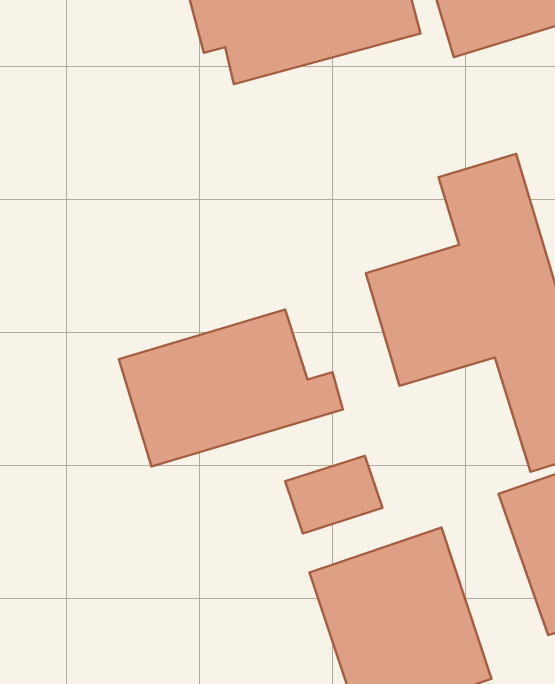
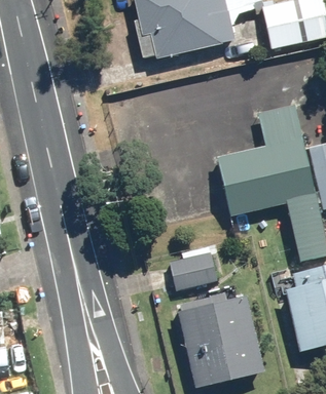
building: [119,310,343,467] -> none

